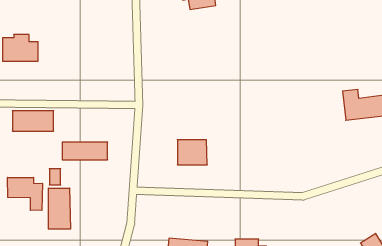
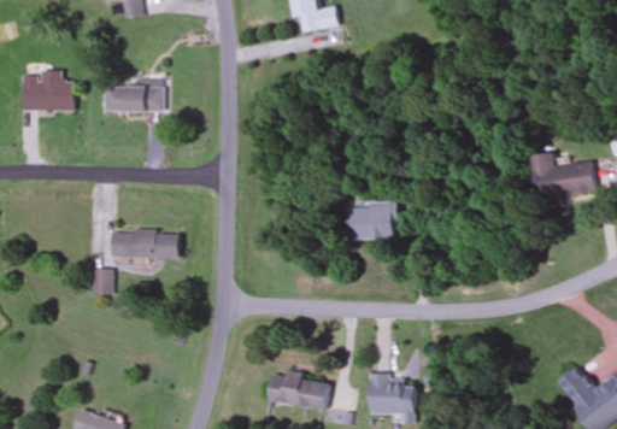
building: [12,111,54,131] -> [102,82,164,112]
building: [177,140,207,165] -> [352,202,396,240]
building: [8,177,42,210] -> none
building: [48,188,70,229] -> none

